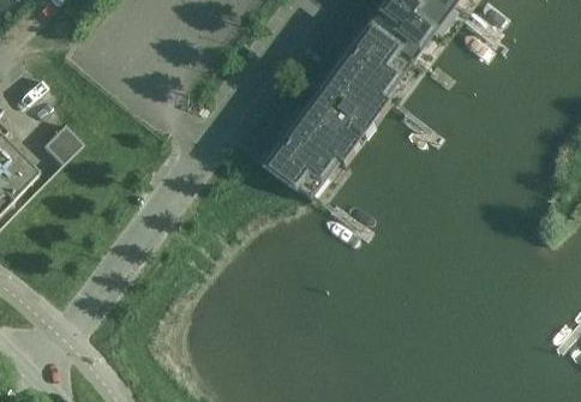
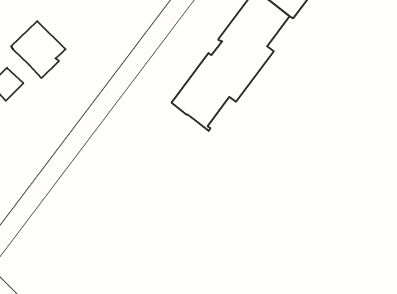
building: none -> [11,21,66,78]

